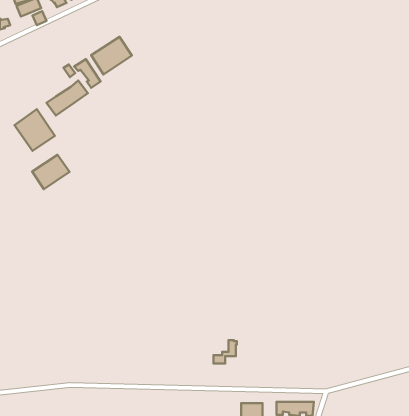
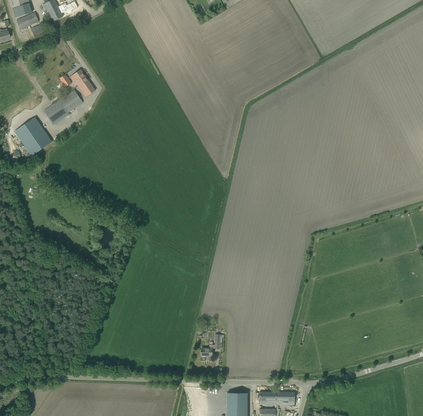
building: [91,37,132,74] -> none
building: [32,155,69,189] -> none

